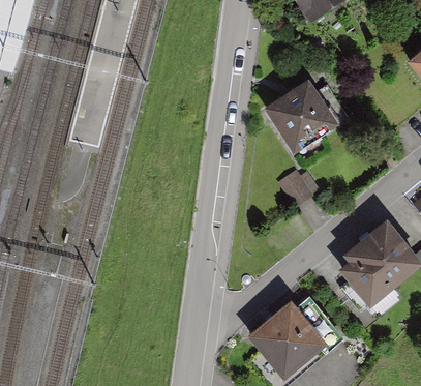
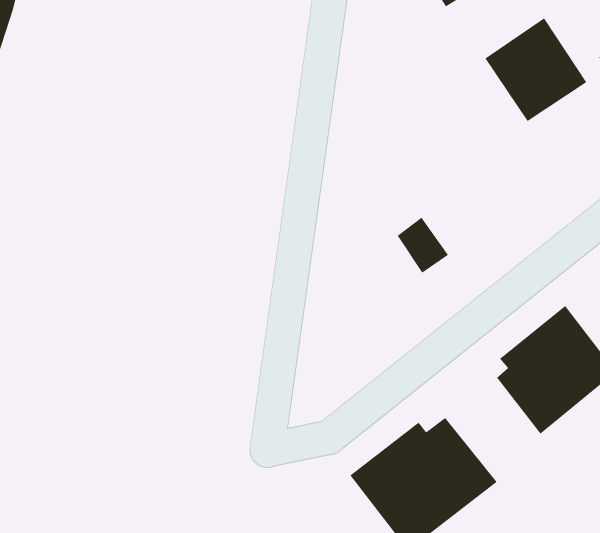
building: [267,79,334,147] -> [485,18,587,122]

